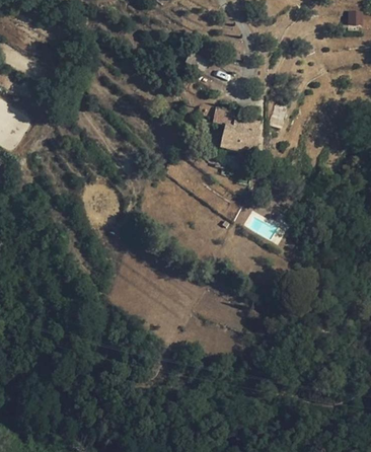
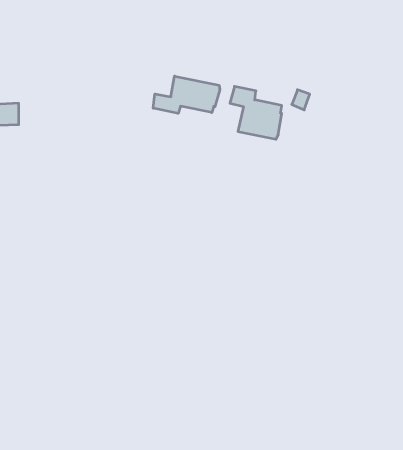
building: none -> [153,76,220,113]

